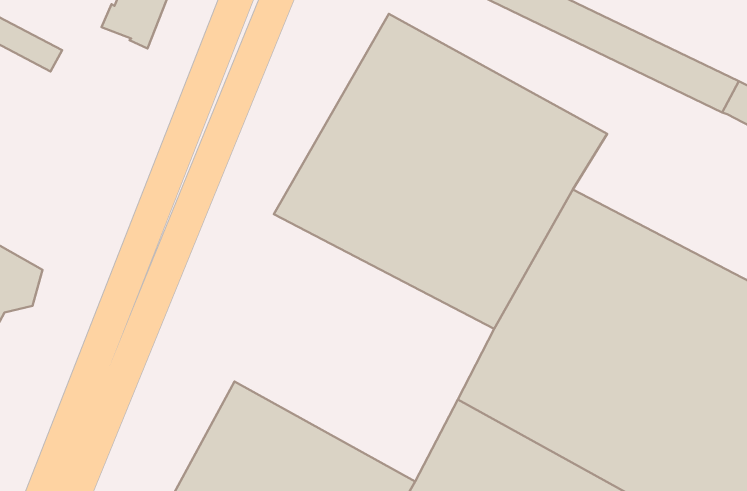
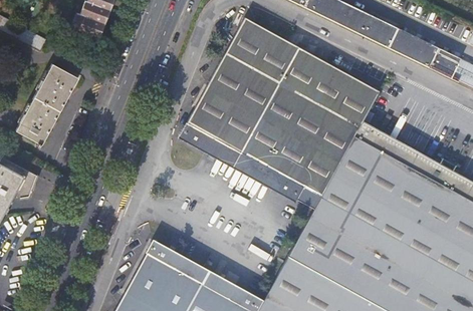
building: none -> [15,64,78,147]

